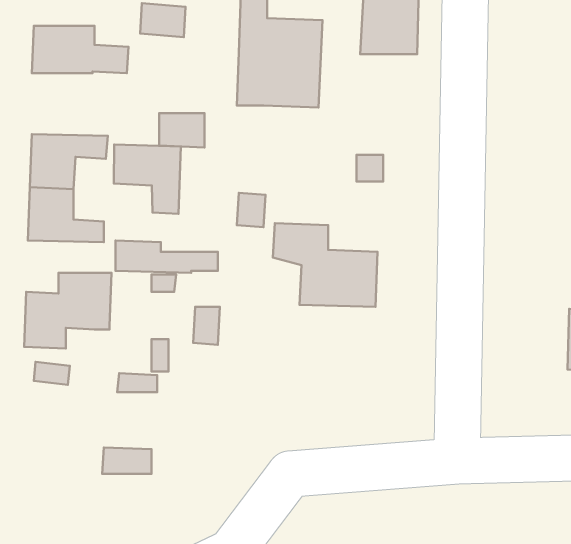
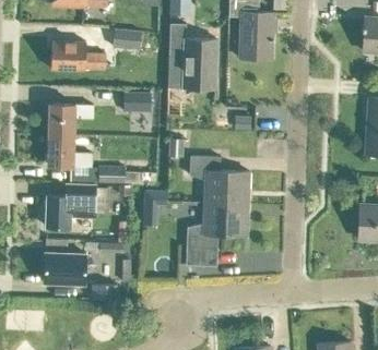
building: [114,145,181,214] -> none
building: none -> [185,202,247,265]
building: none -> [43,252,85,283]

